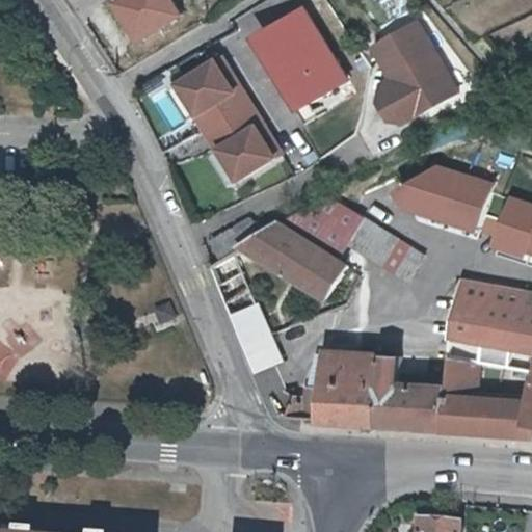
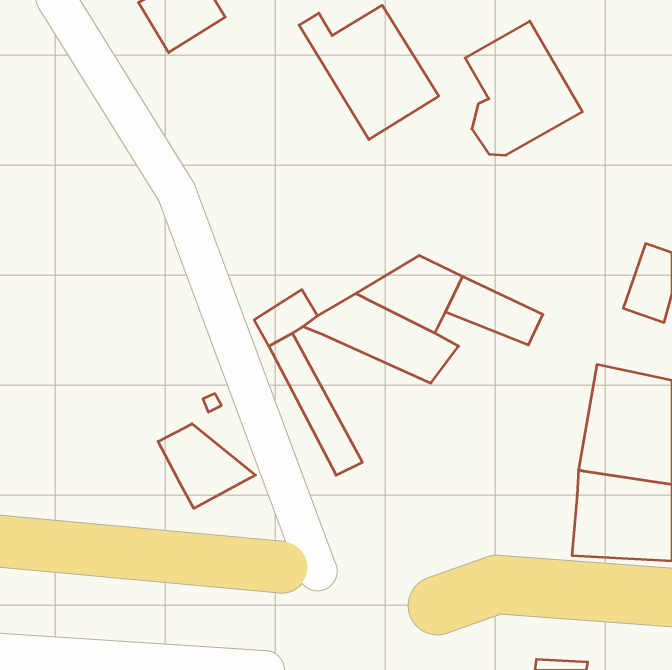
building: [169,55,282,182] -> none
building: [392,162,493,225] -> none
building: none -> [158,424,256,508]
building: [299,357,455,438] -> none

